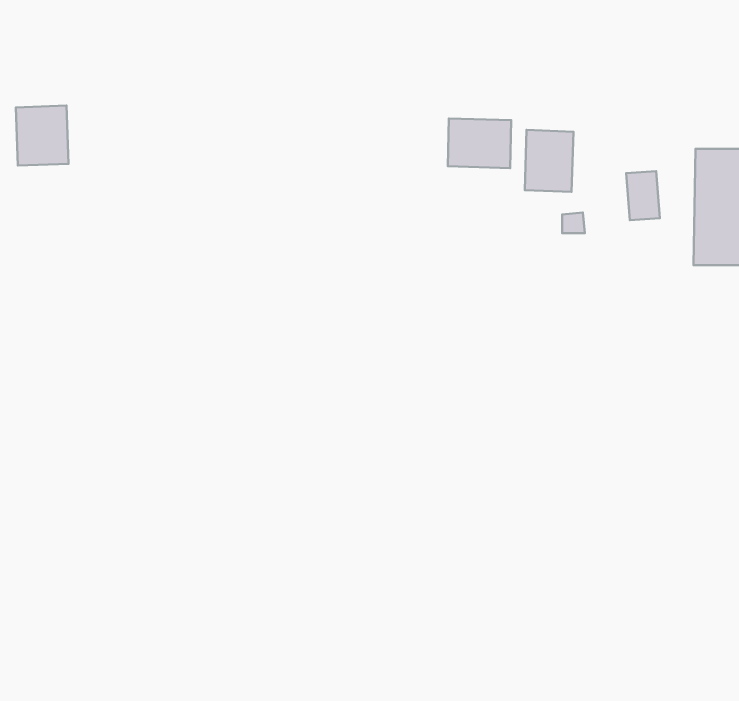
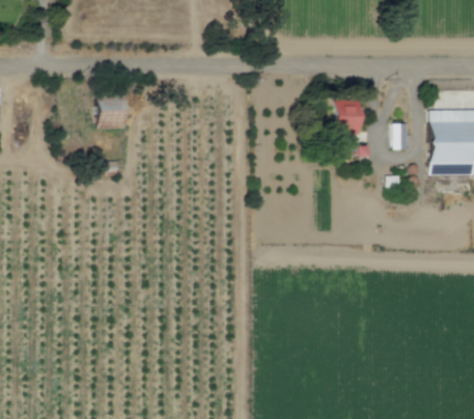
building: [16,106,68,166] -> [97,94,127,128]
building: [448,118,511,168] -> none

